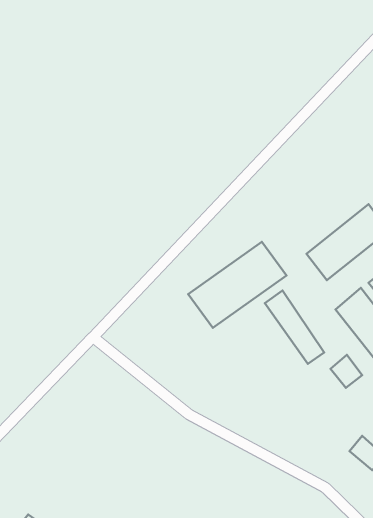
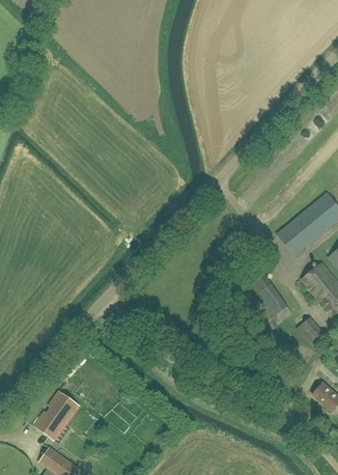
building: [188,242,287,328] -> none
building: none -> [34,391,79,440]

